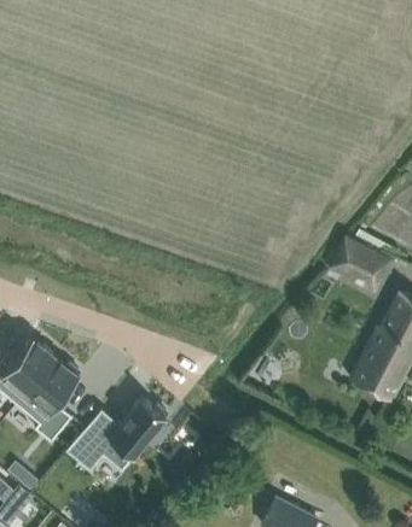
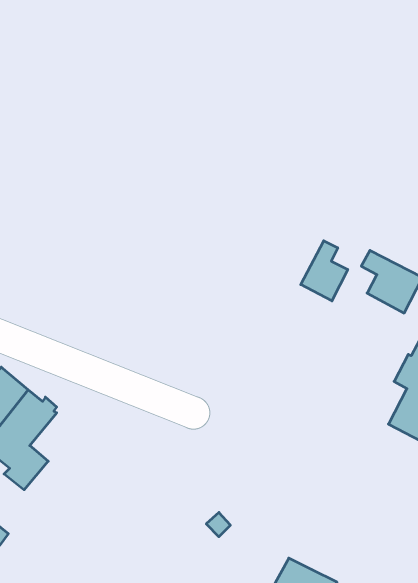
building: none -> [301,241,348,301]
building: [66,398,168,472] -> none

